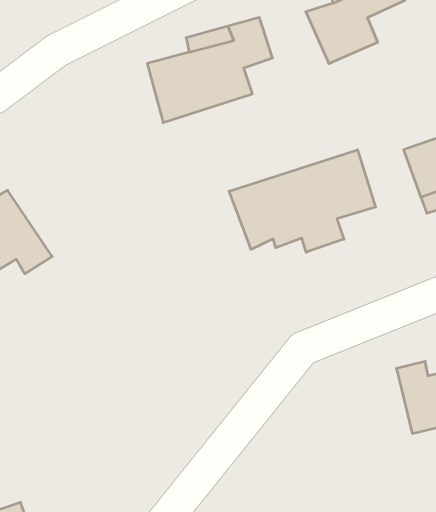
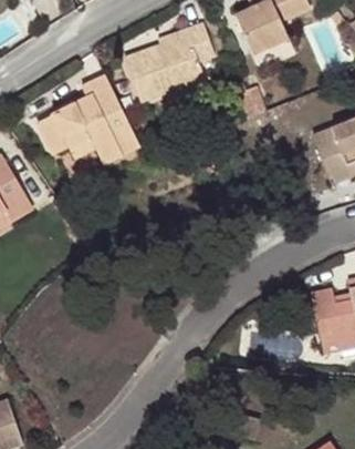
building: none -> [35,83,140,167]
building: [229,150,376,252] -> none

